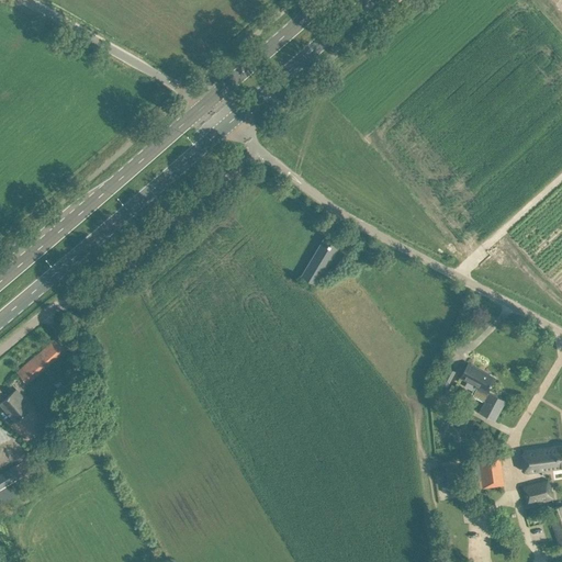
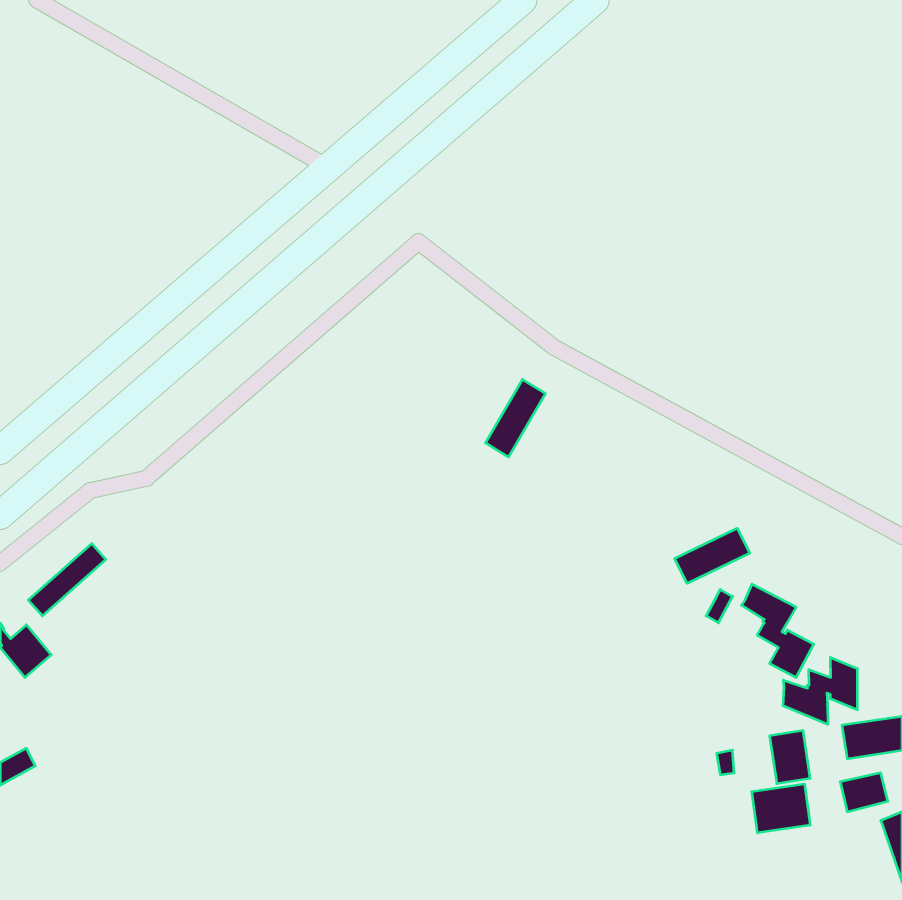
building: none -> [675,528,750,583]
building: none -> [783,657,857,724]
building: none -> [752,784,810,833]

